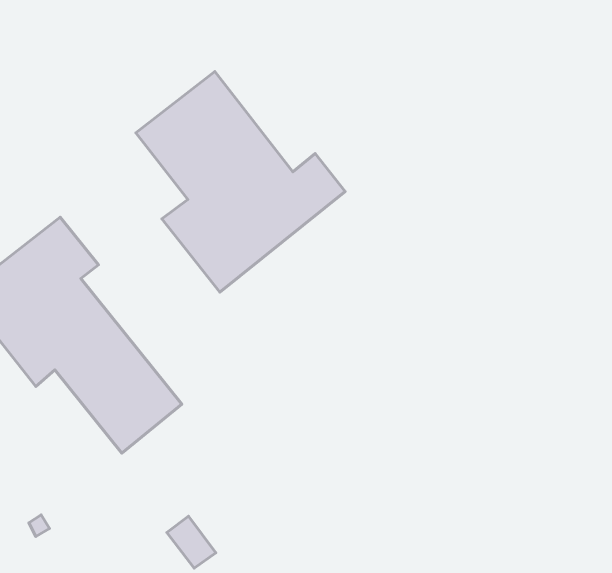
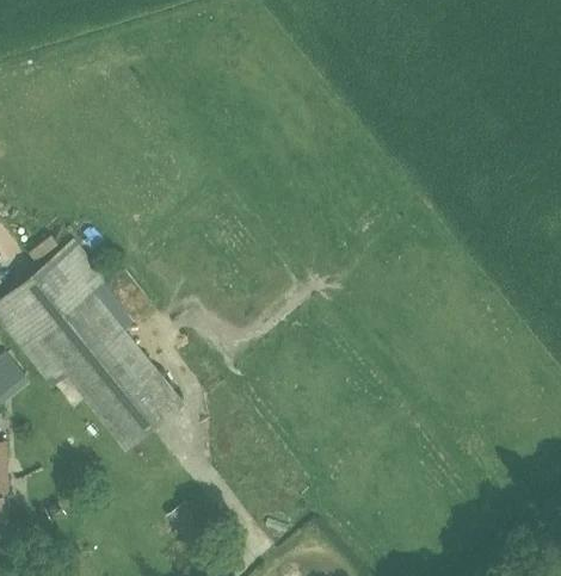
building: [136,71,345,292] -> none

